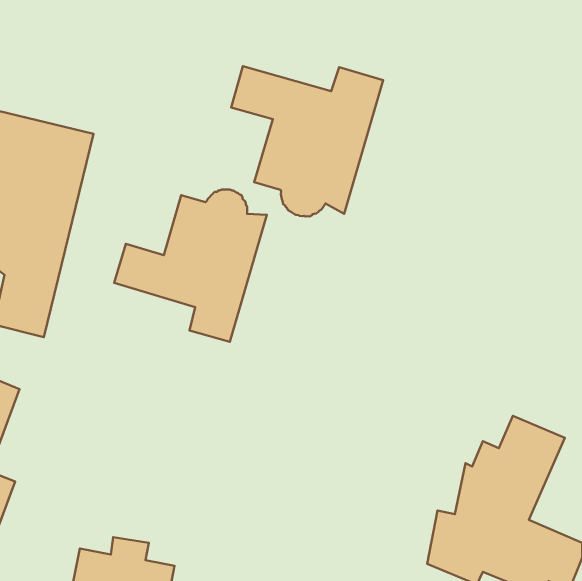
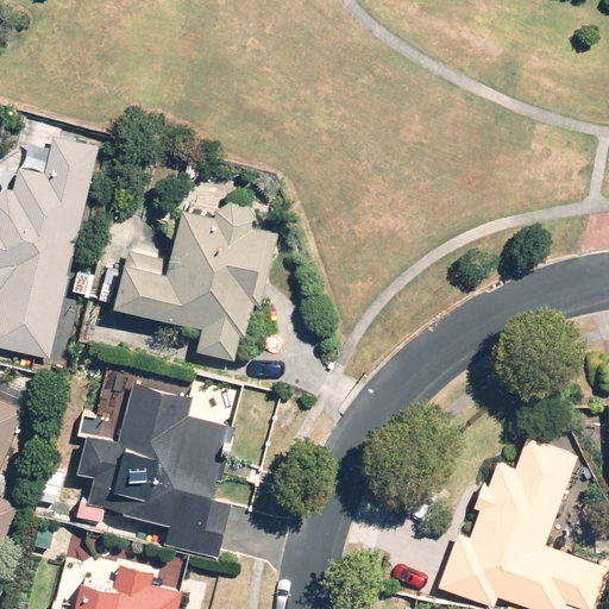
building: [231,66,383,217] -> none
building: none -> [76,379,230,563]

